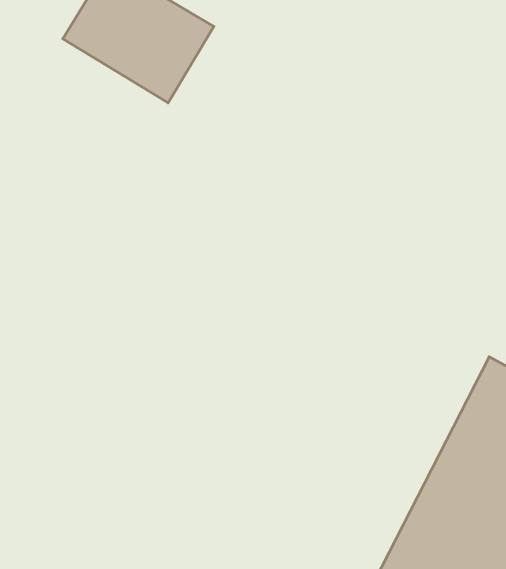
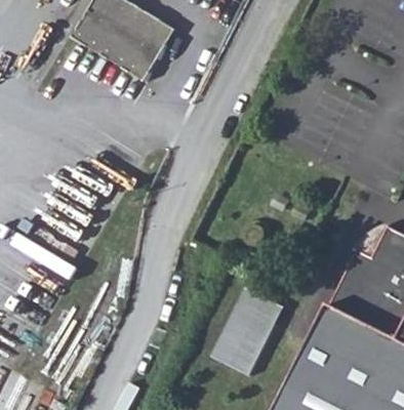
building: none -> [211,287,282,374]

